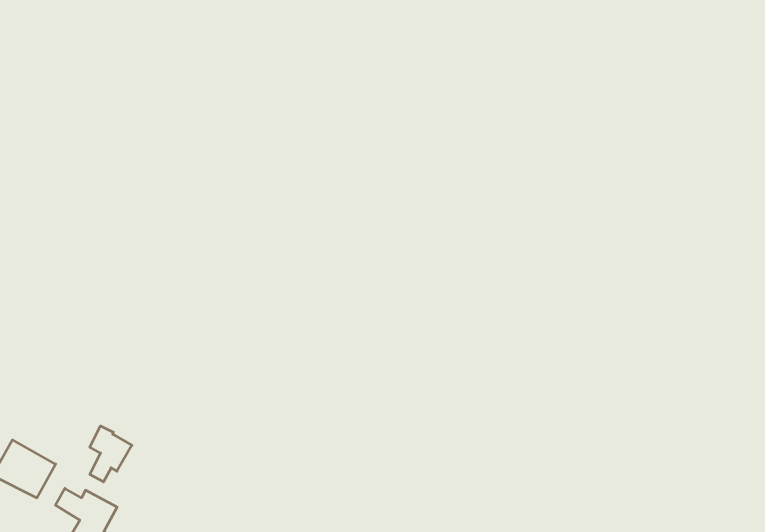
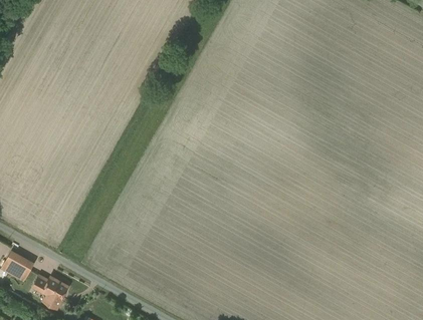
building: [90,426,132,482] -> none

